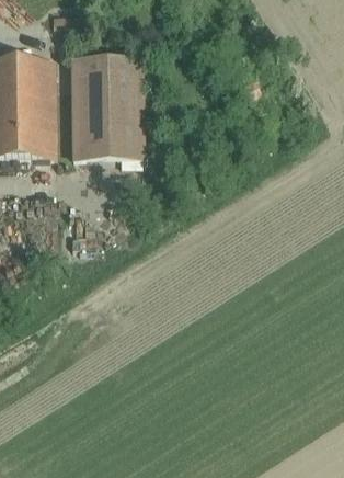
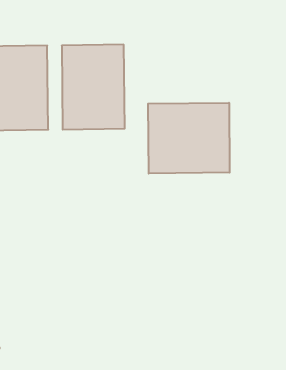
building: none -> [148,103,230,174]

